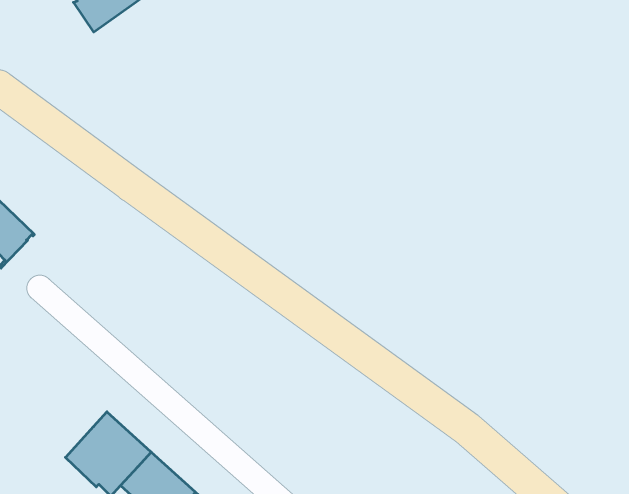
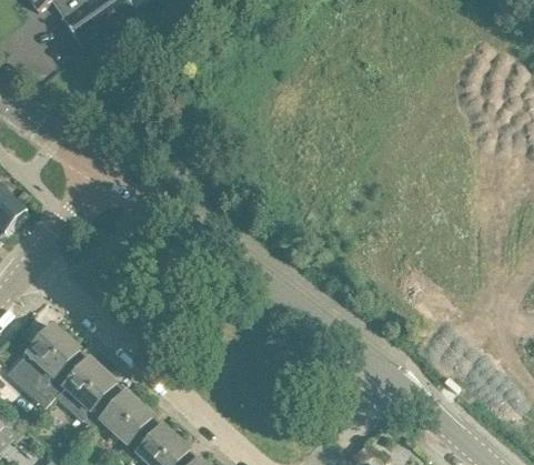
building: none -> [17,323,90,401]

